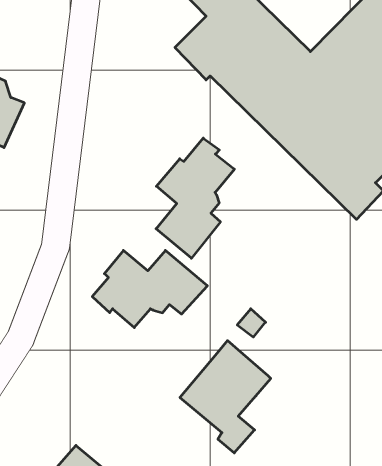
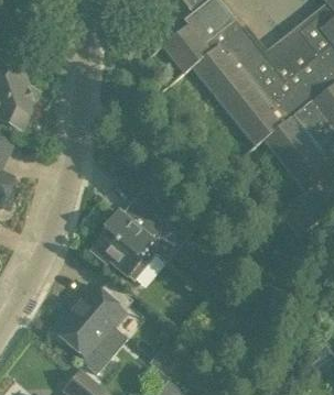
building: [156,138,234,258] -> none
building: [180,341,271,453] -> [52,283,126,374]

